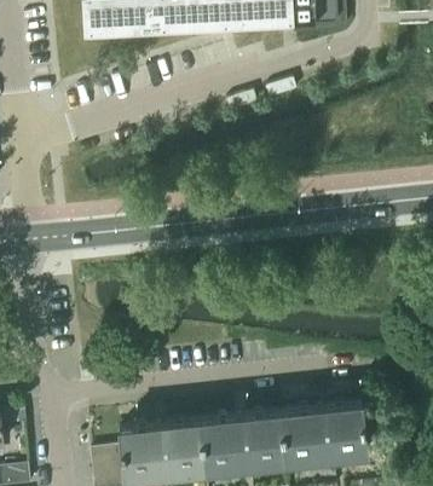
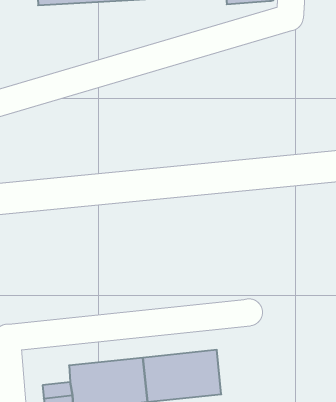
building: [281,406,366,463] -> none

